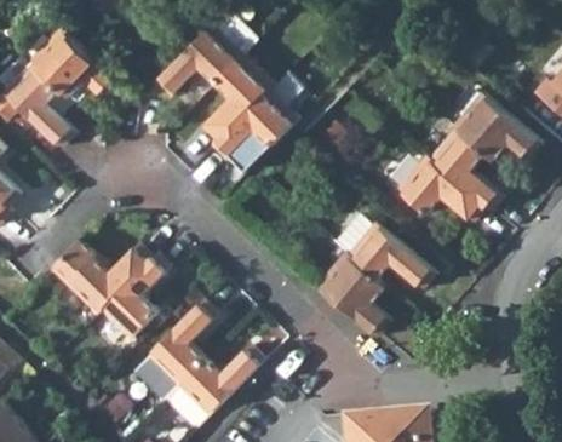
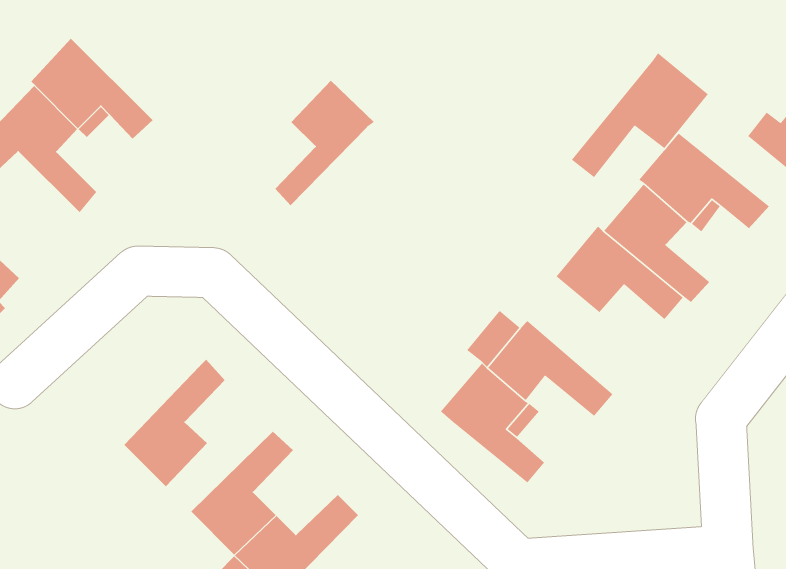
building: [151,12,253,101] -> none
building: none -> [571,52,709,178]
building: [206,90,294,173] -> none
building: [47,237,148,311] -> none

